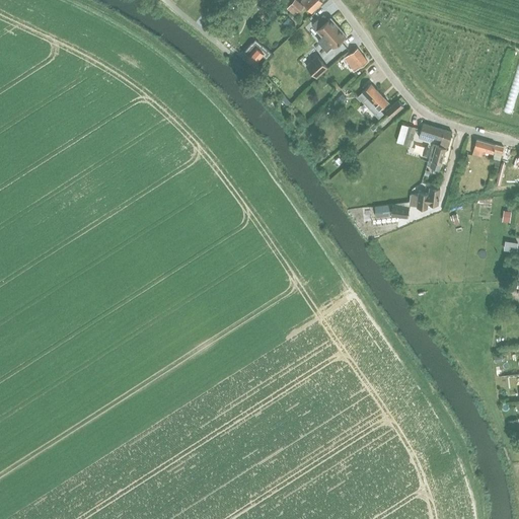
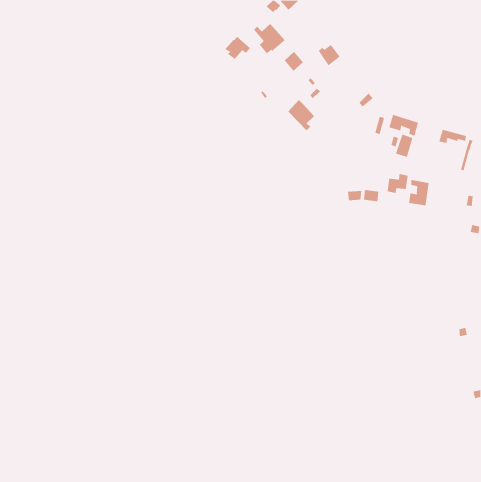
building: [311,17,346,51] -> [253,23,285,54]
building: [357,83,386,118] -> [287,99,315,131]
building: none -> [408,179,429,206]

